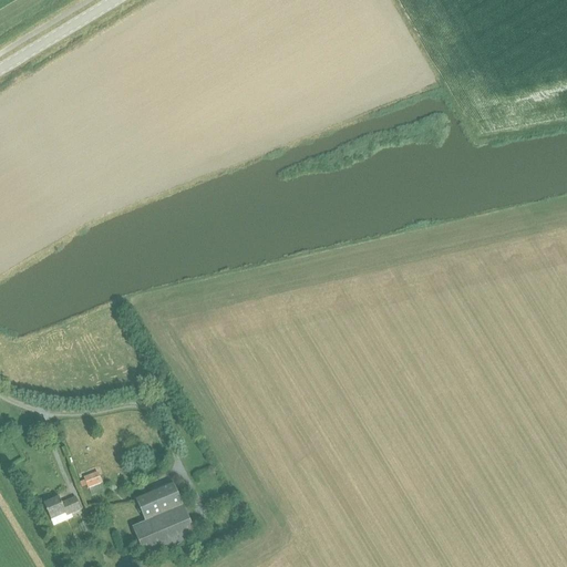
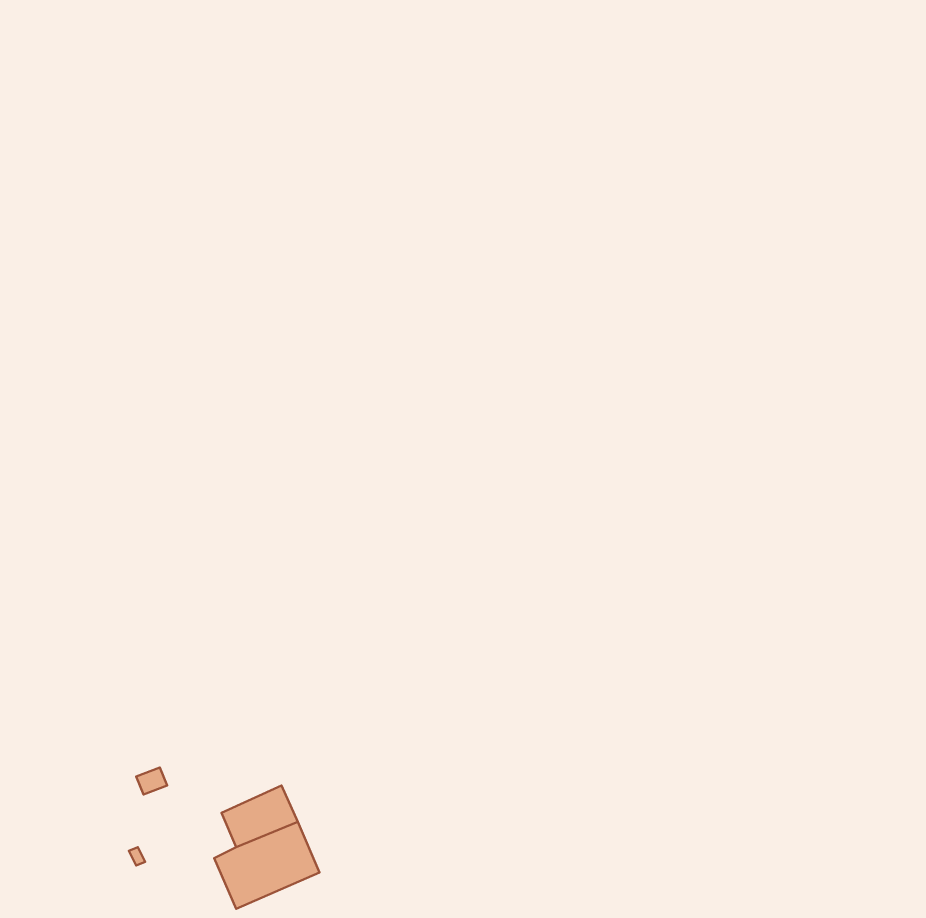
building: [43,494,80,517] -> none

